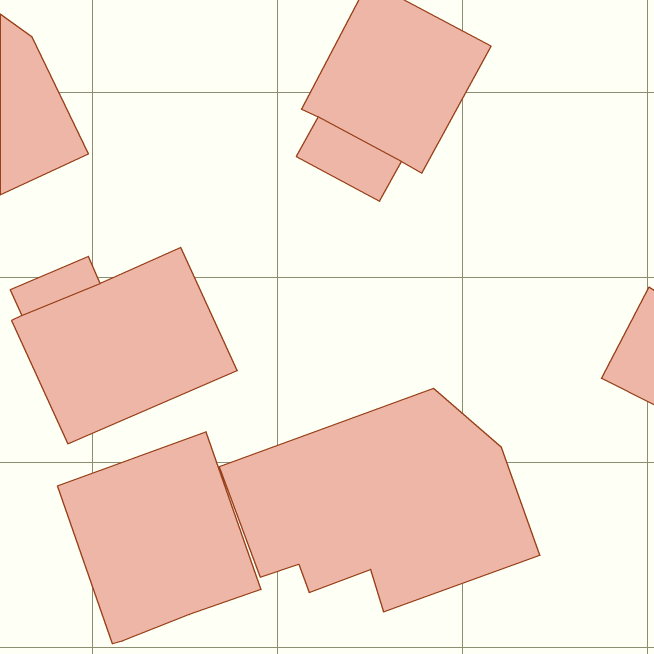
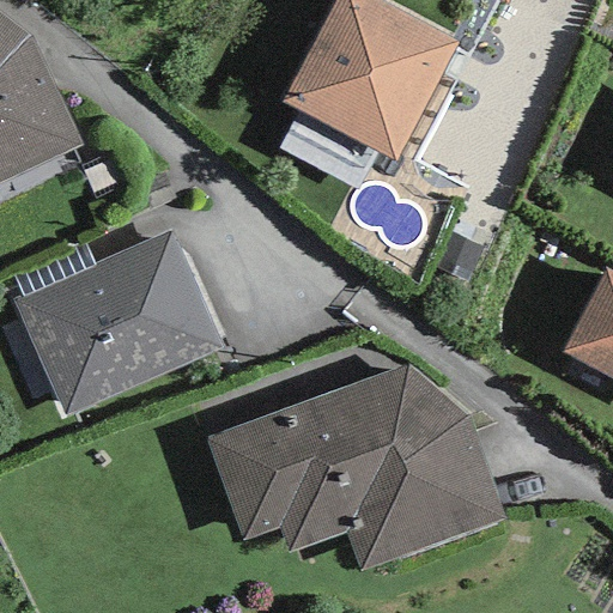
building: [58,432,261,644] -> none

